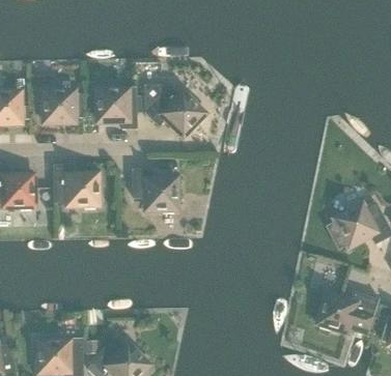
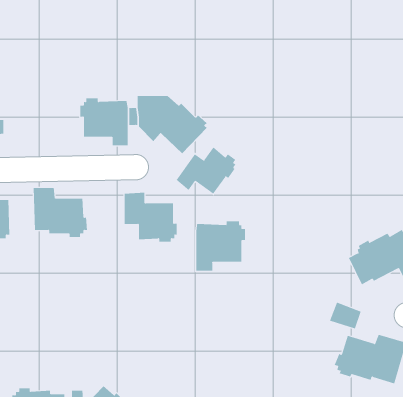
building: [39,87,82,121] -> none
building: none -> [176,147,236,195]
building: none -> [196,221,246,272]

